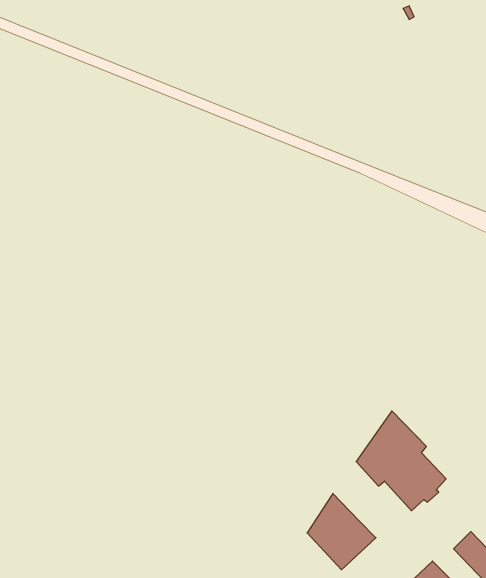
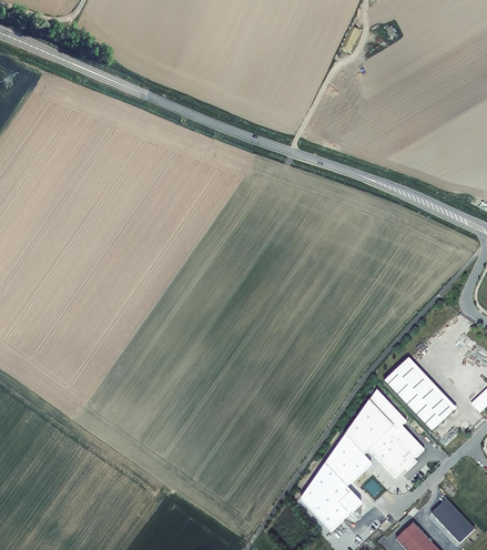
building: none -> [384,357,456,430]
building: none -> [323,434,372,487]

